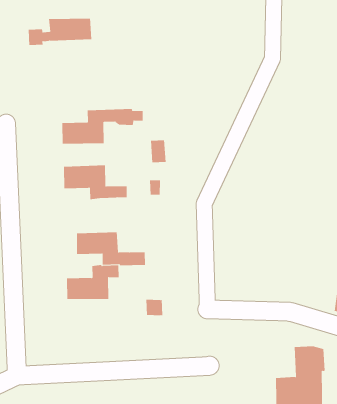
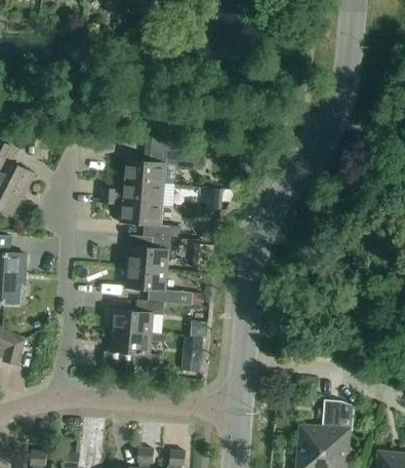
building: [28,18,92,46] -> [102,180,164,204]
building: none -> [127,236,180,270]
building: none -> [110,329,160,367]

